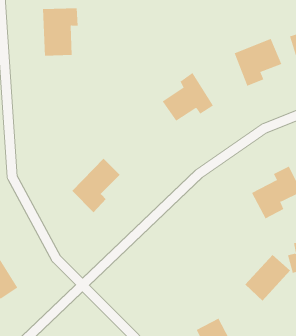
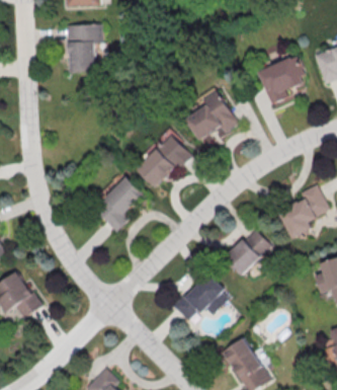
building: none -> [139,134,193,185]
building: none -> [173,272,229,320]
building: [245,254,291,302] -> [224,227,270,275]

